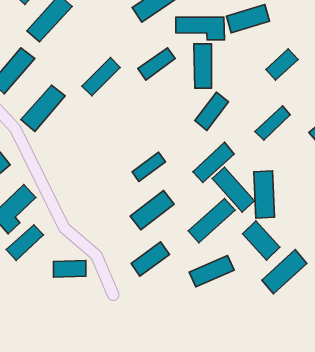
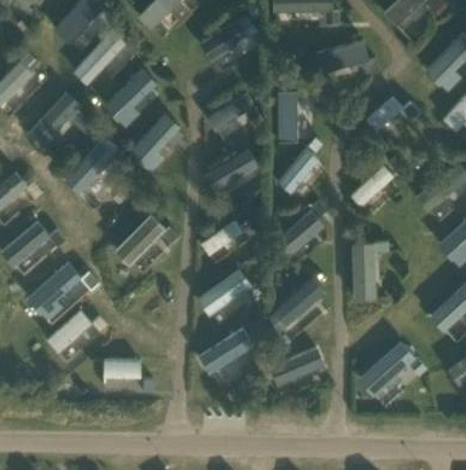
building: [176,17,224,40] -> none
building: none -> [105,71,158,129]
building: none -> [205,150,260,196]
building: none -> [113,215,165,268]
building: [212,167,255,212] -> none
building: [242,221,280,260] -> none

